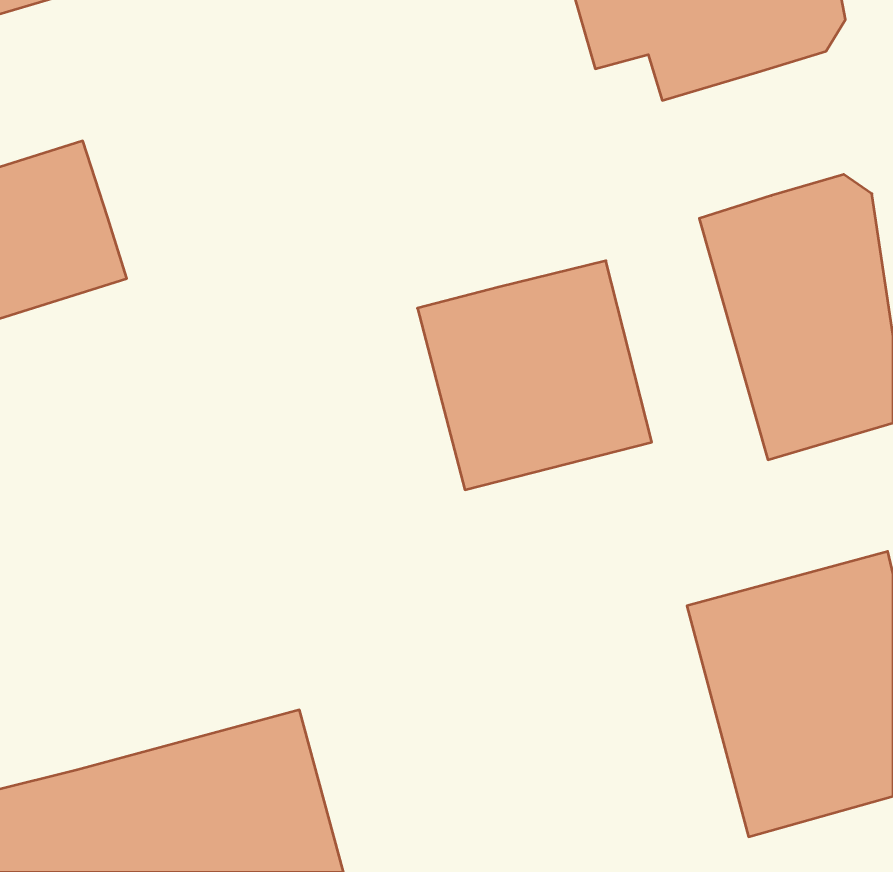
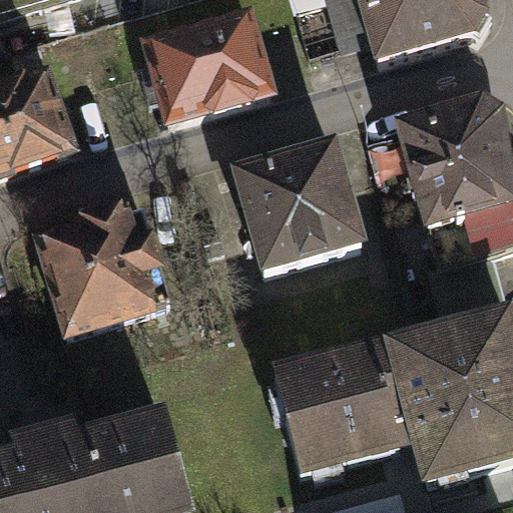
building: none -> [140,17,275,133]
building: none -> [38,209,164,337]
building: none -> [268,350,400,479]

